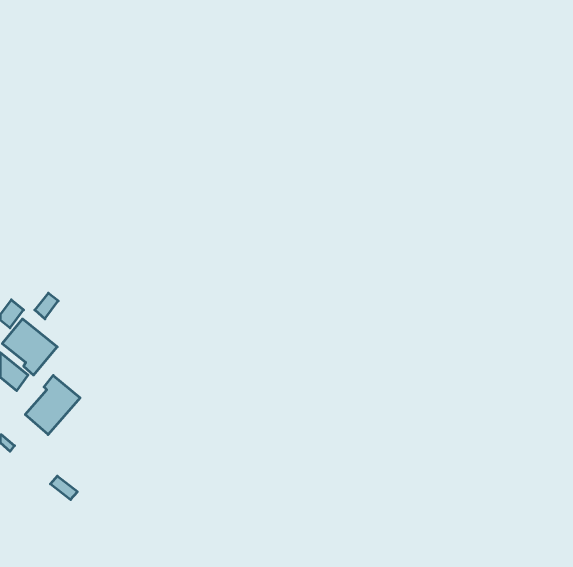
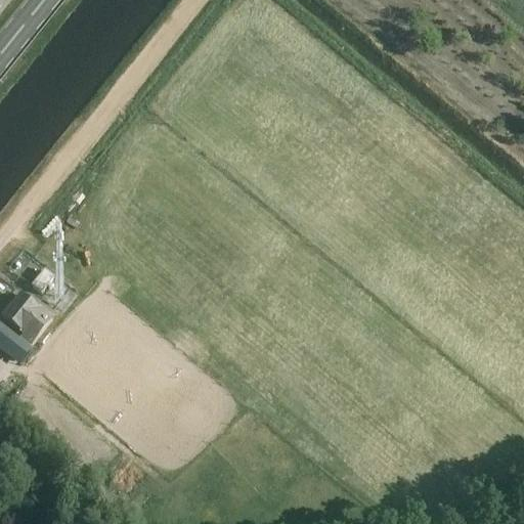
building: [25,375,80,435] -> none

